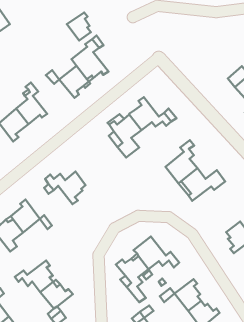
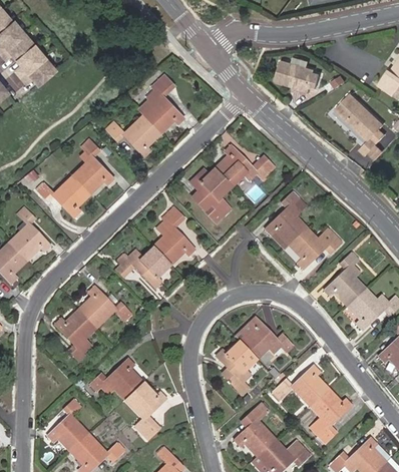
building: [67,13,91,41] -> none
building: none -> [276,61,320,88]
building: none -> [154,207,193,264]
building: none -> [325,253,365,304]

